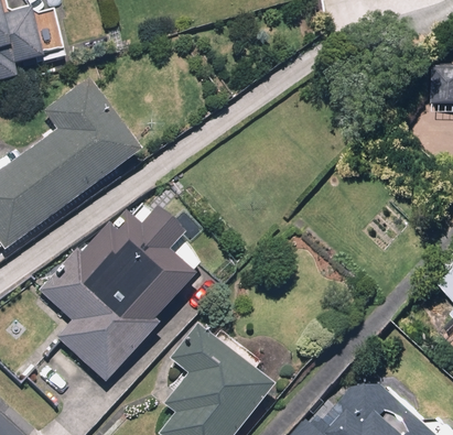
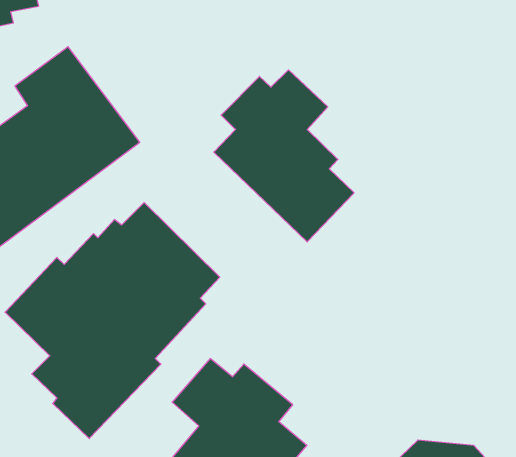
building: none -> [214,70,354,242]

